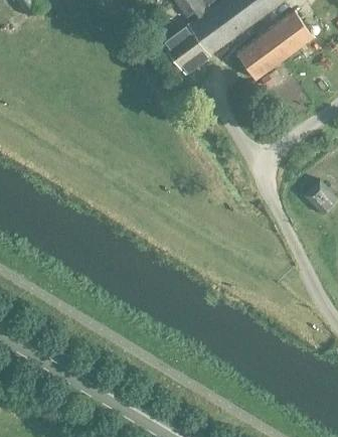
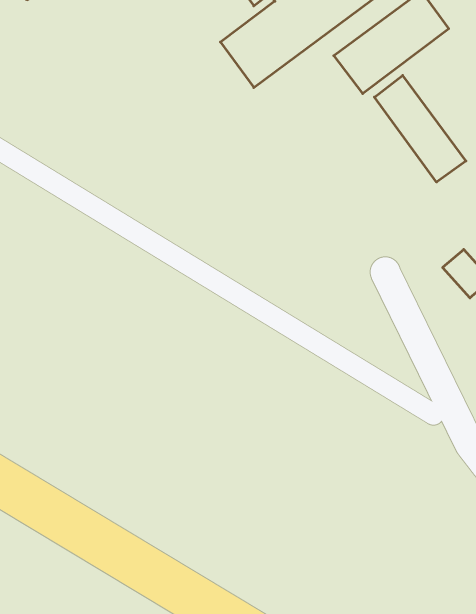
building: none -> [374,75,466,182]

